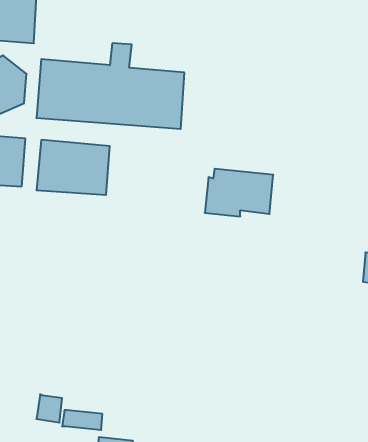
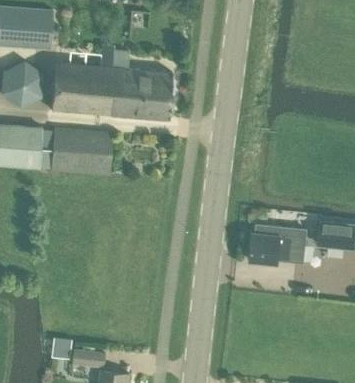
building: [205,169,273,216] -> [250,226,306,265]

